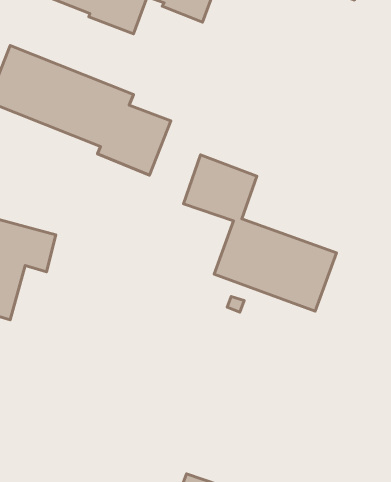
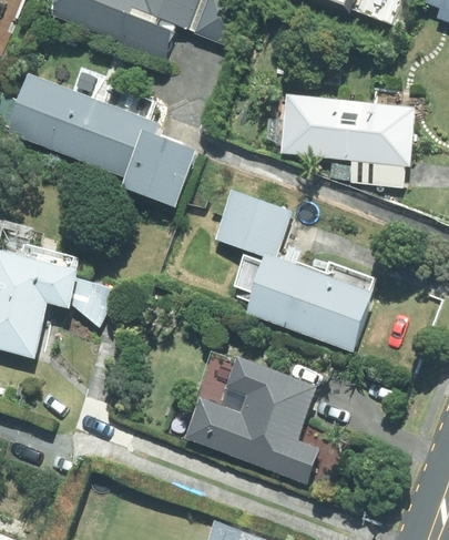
building: none -> [279,92,415,165]
building: none -> [183,355,318,482]

